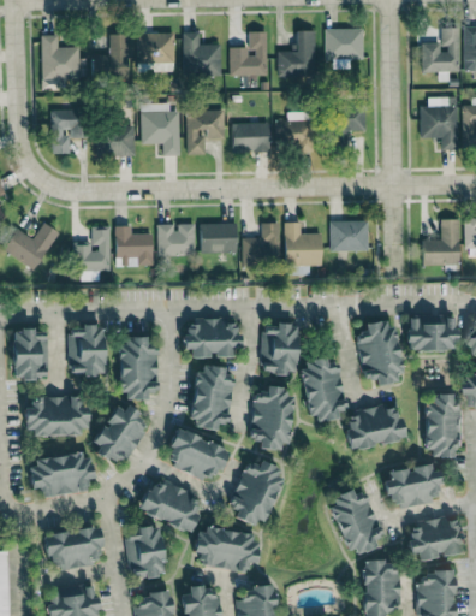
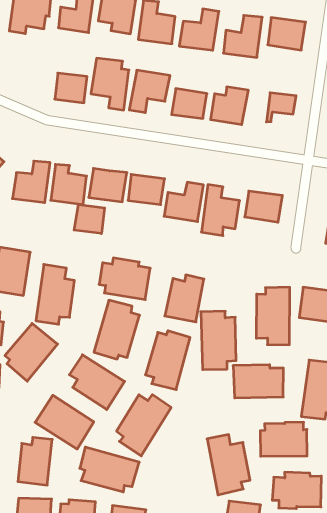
building: [52,108,84,154] -> none
building: none -> [74,205,105,234]

